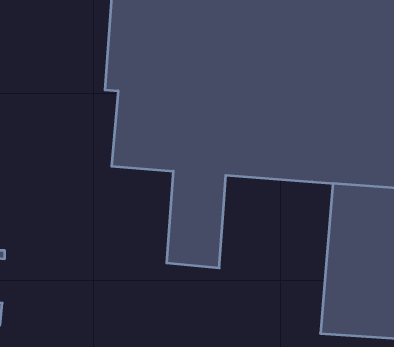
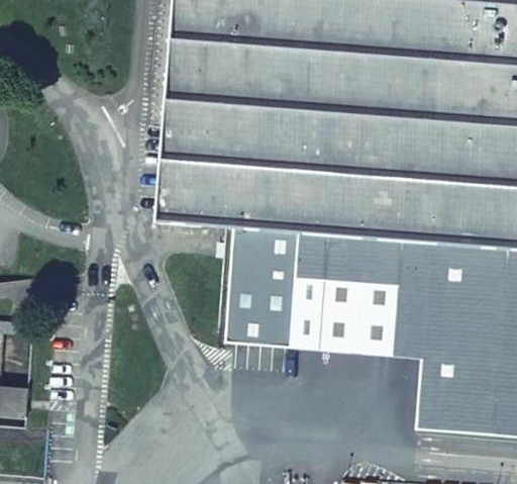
building: none -> [298,232,437,357]

